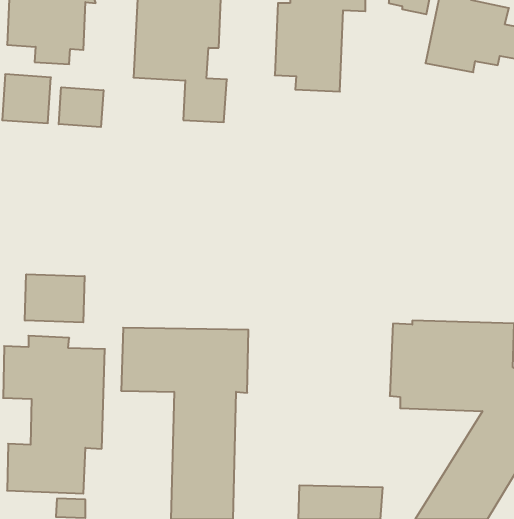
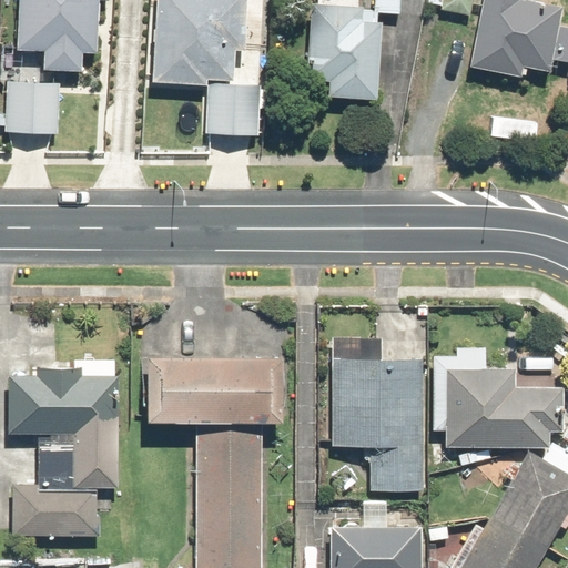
building: [59,87,103,127] -> none
building: [25,274,85,322] -> none
building: none -> [331,339,420,493]

